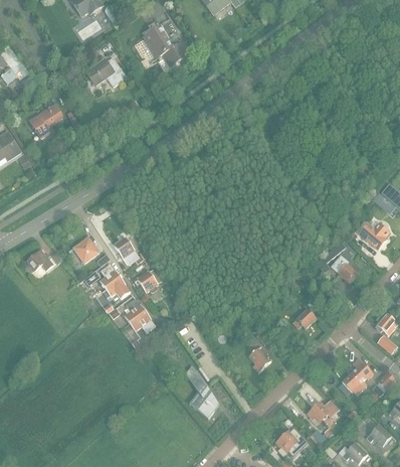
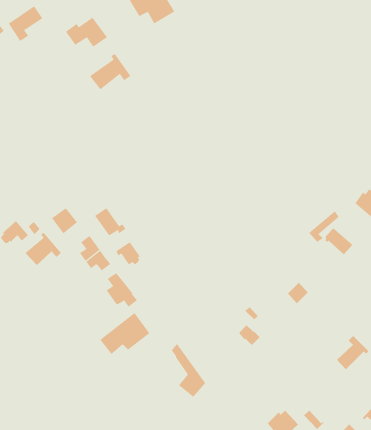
building: none -> [89,53,131,90]
building: [29,103,62,137] -> [8,6,43,42]
building: none -> [25,232,62,266]
building: none -> [100,312,150,355]
building: [308,400,340,422] -> none

